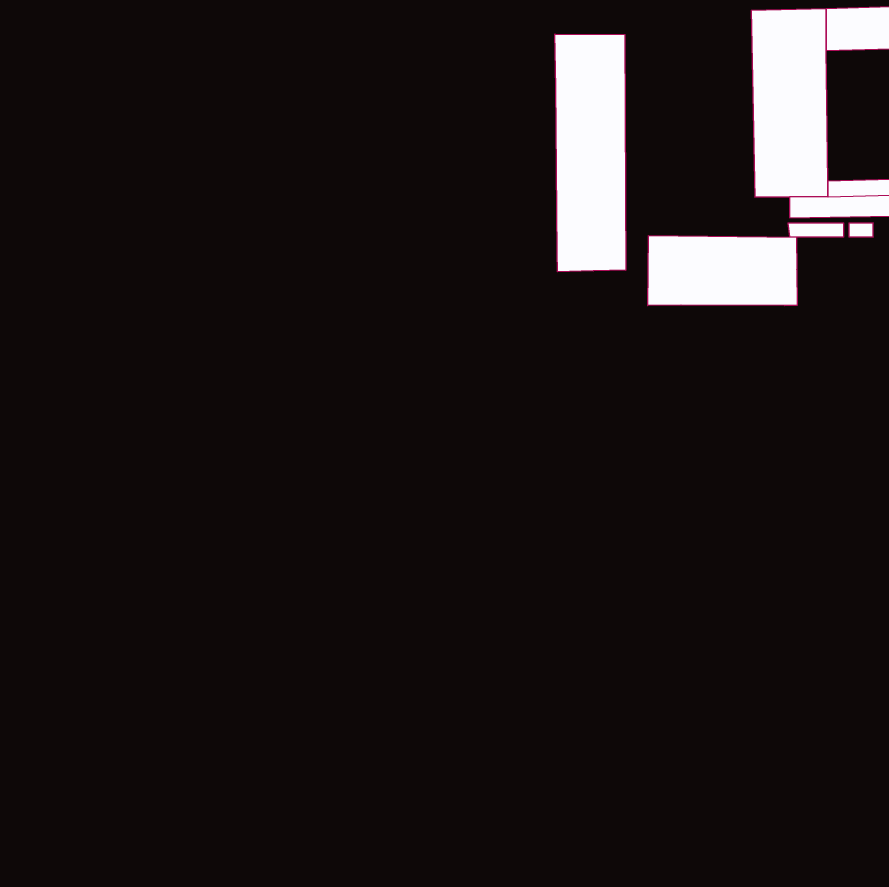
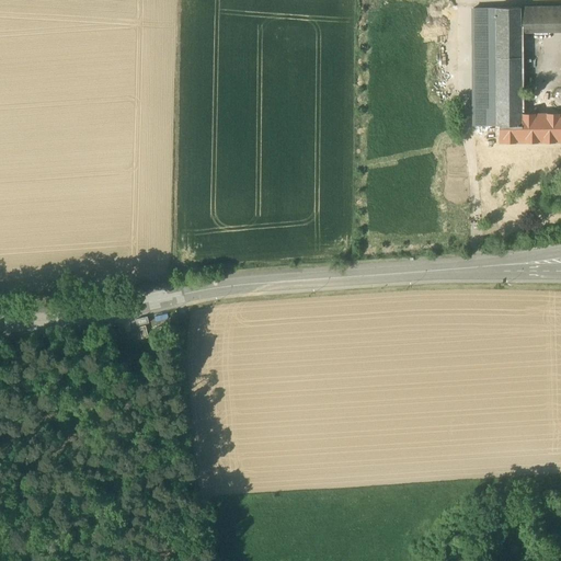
building: [555,34,626,272] -> none
building: [648,236,797,306] -> none

